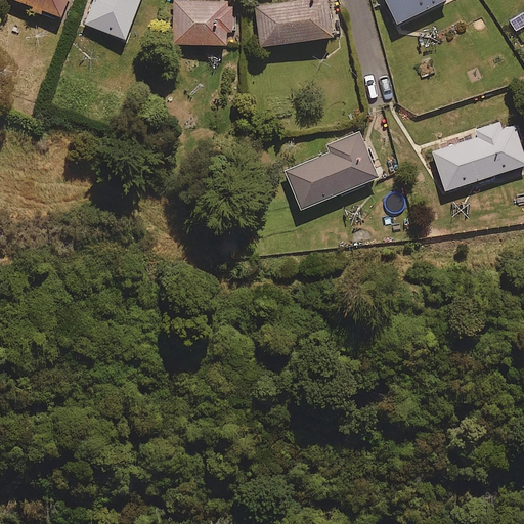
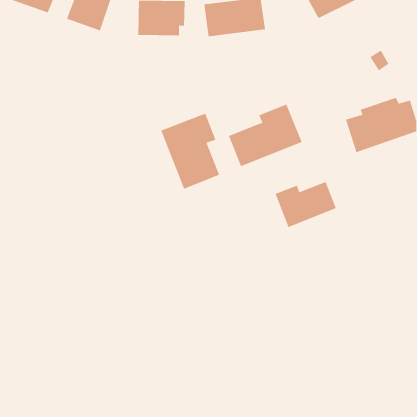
building: none -> [160,113,220,189]
building: none -> [275,181,337,228]

